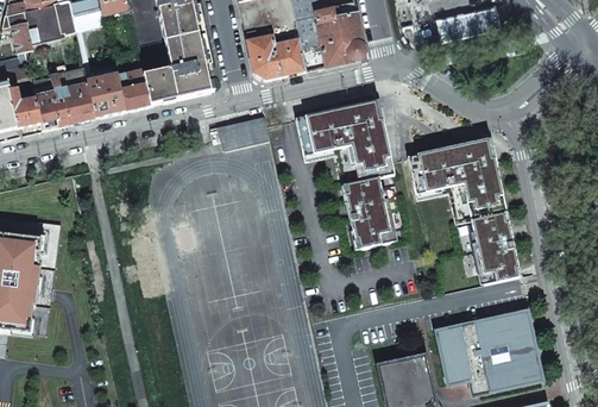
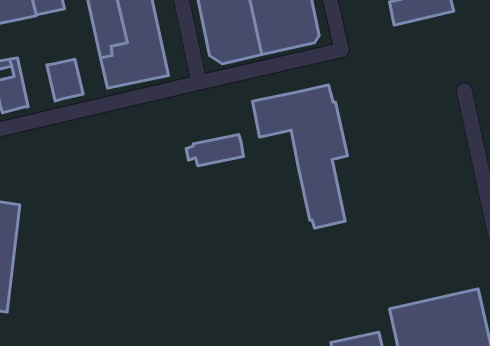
building: [58,68,96,124] -> none
building: [117,69,150,111] -> none
building: [210,117,269,149] -> [186,134,243,166]
building: [409,139,520,283] -> none

